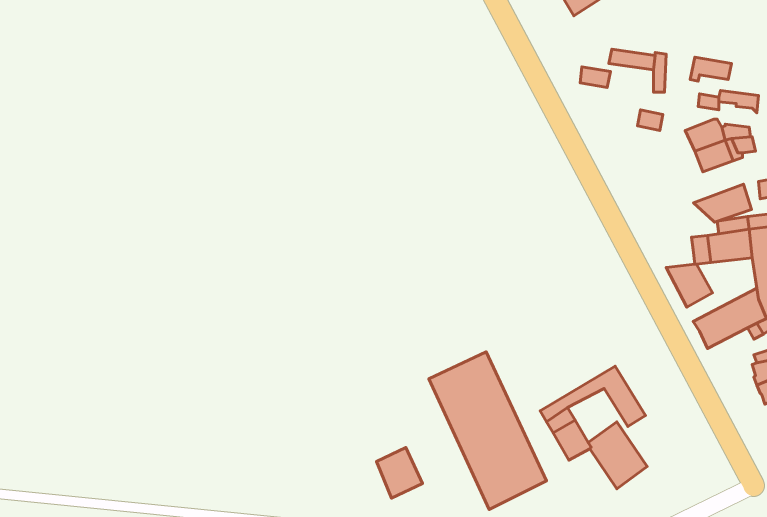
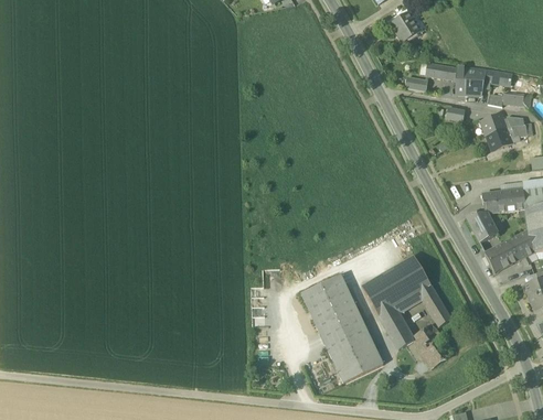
building: none -> [465,67,486,95]
building: [693,184,752,222] -> none
building: none -> [361,255,430,314]
building: [376,448,423,498] -> none

